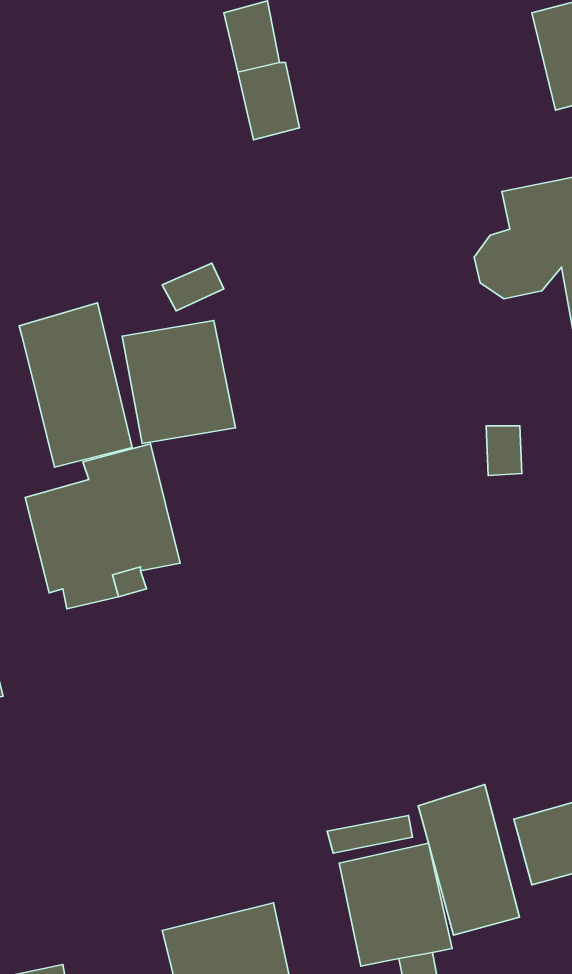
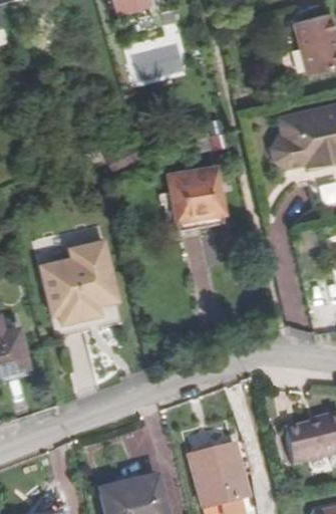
building: [19,303,132,467] -> none
building: [122,320,236,444] -> [169,170,226,232]
building: [418,785,520,935] -> none

